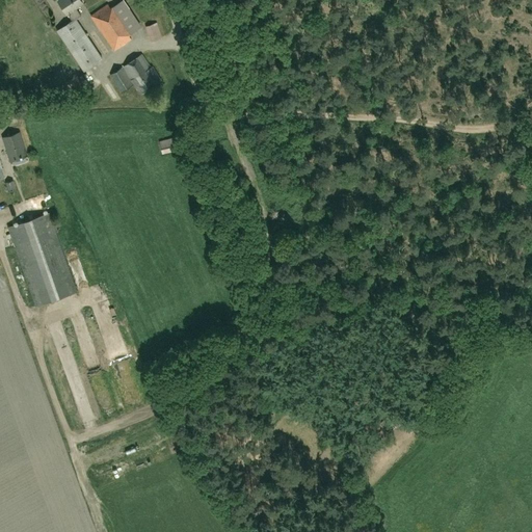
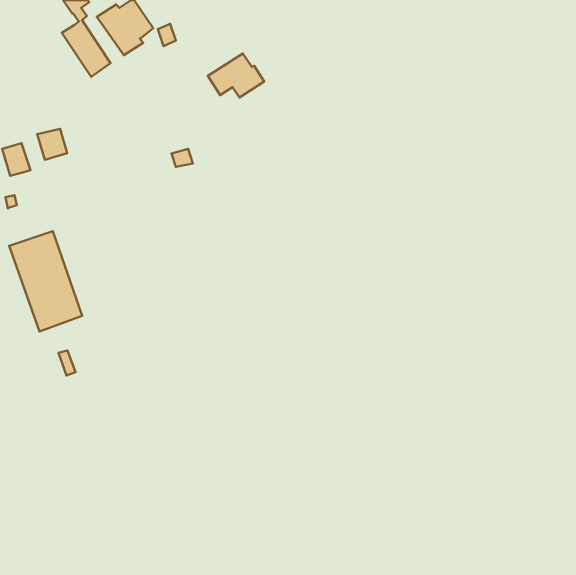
building: [110,55,162,96] -> [208,53,264,97]
building: none -> [37,129,67,160]

